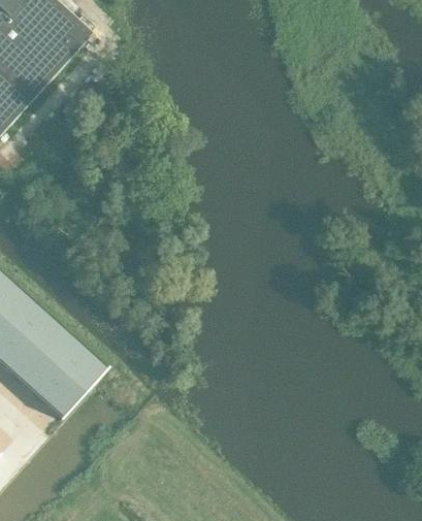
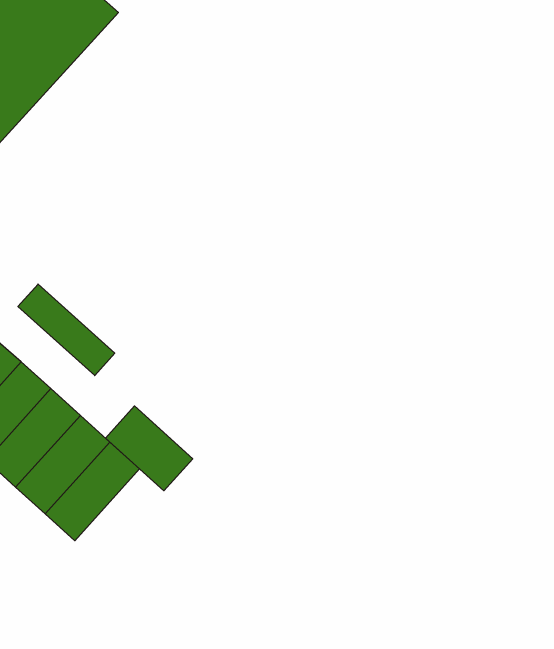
building: none -> [18,284,115,376]
building: none -> [105,406,193,491]

